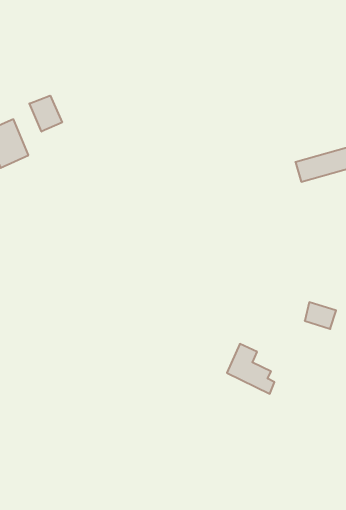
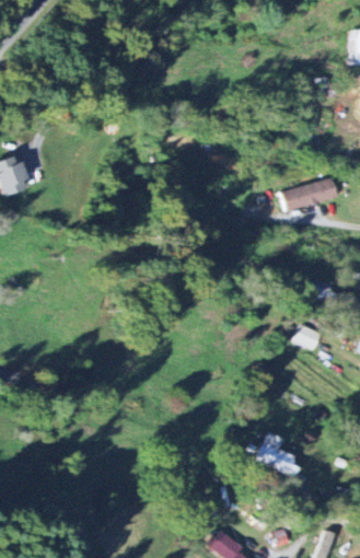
building: [29,96,62,132] -> none
building: [227,344,274,394] -> [254,431,299,478]

